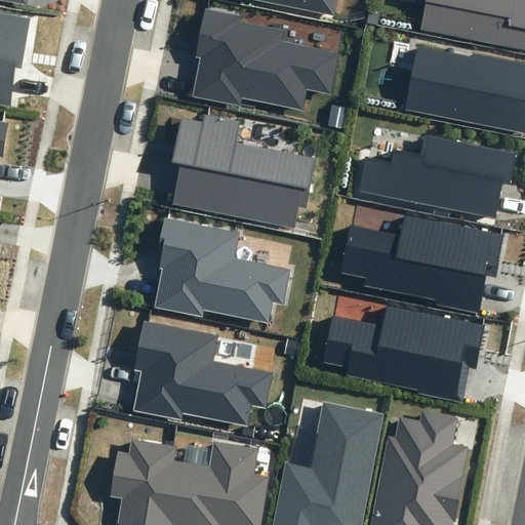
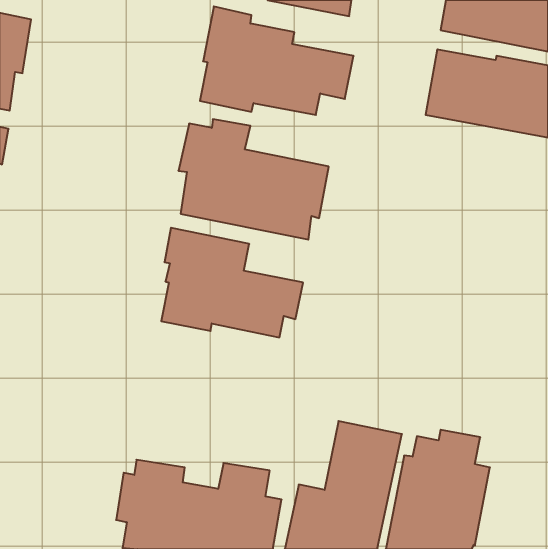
building: [359,134,517,218] -> none
building: [340,215,502,312] -> none
building: [323,308,483,404] -> none
building: [133,319,273,426] -> none

